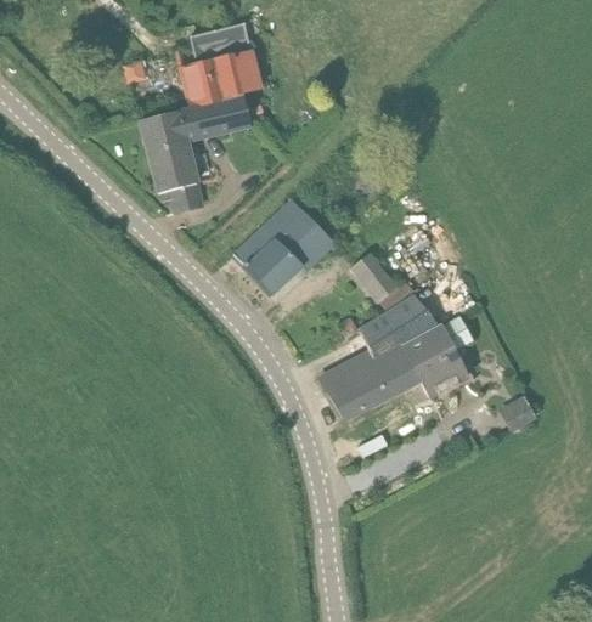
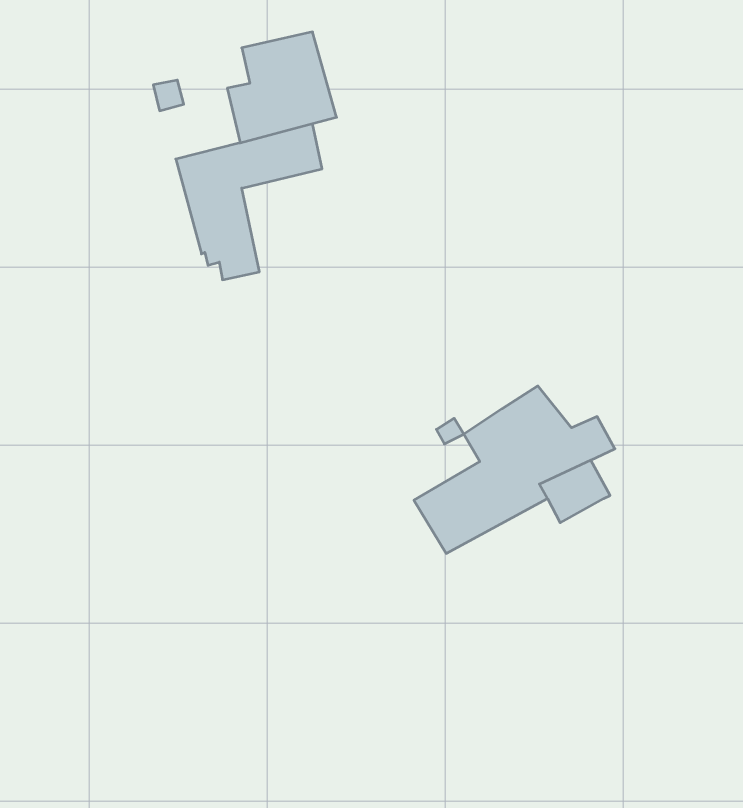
building: [232,200,336,296] -> none
building: [348,253,413,310] -> none
building: [497,395,536,431] -> none

